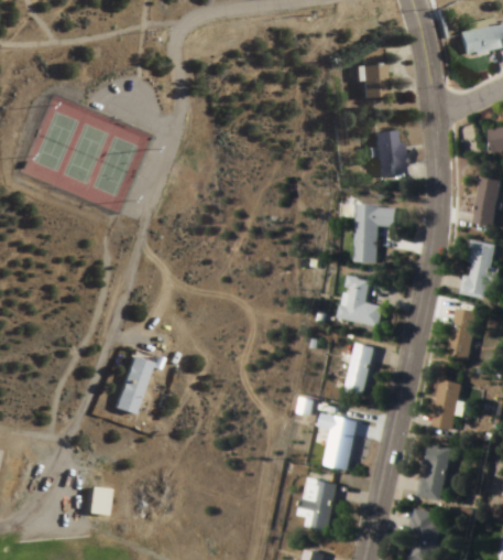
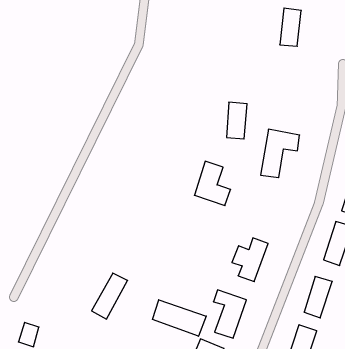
building: [372,131,397,176] -> [227,102,247,139]
building: [340,276,384,327] -> [194,161,231,206]
building: [110,357,150,416] -> [92,273,128,319]
building: none -> [152,300,206,336]

